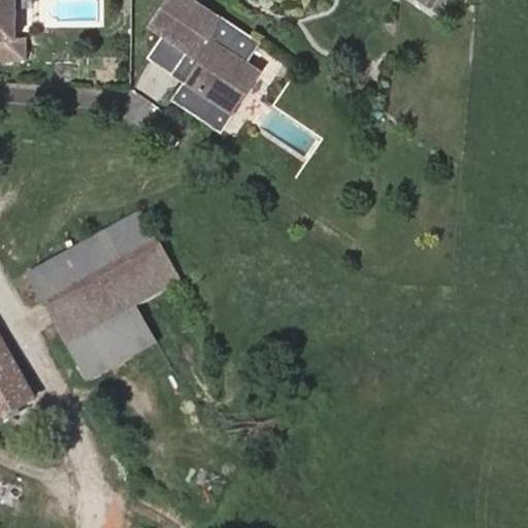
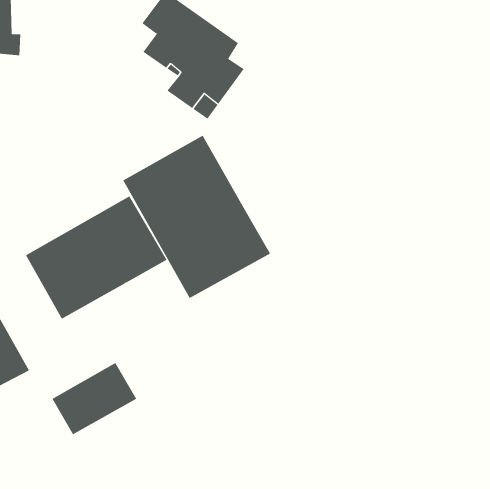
building: none -> [122,135,271,299]
building: [66,303,158,382] -> [51,362,137,435]

